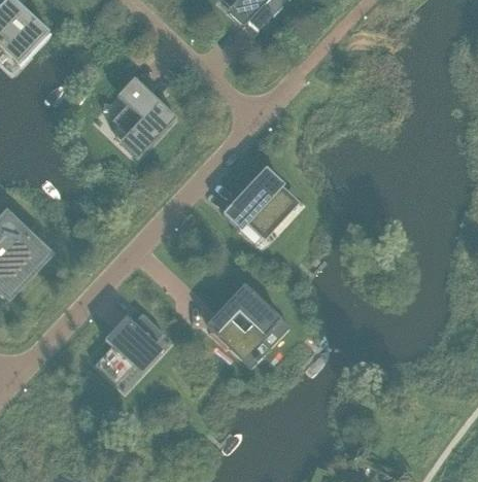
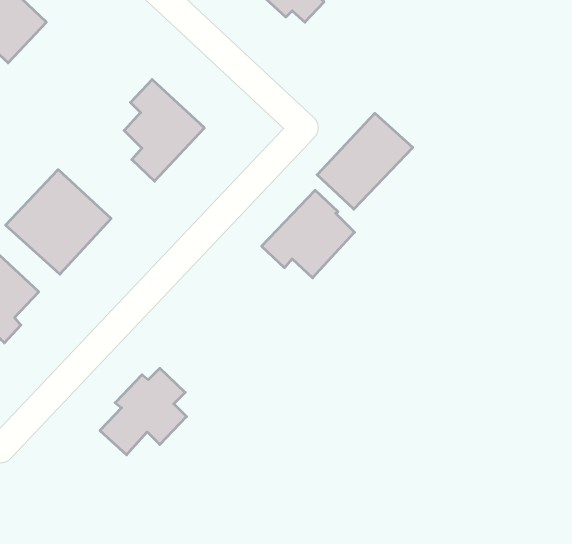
building: none -> [317,113,413,209]
building: none -> [6,170,111,274]
building: [205,283,281,359] -> none

